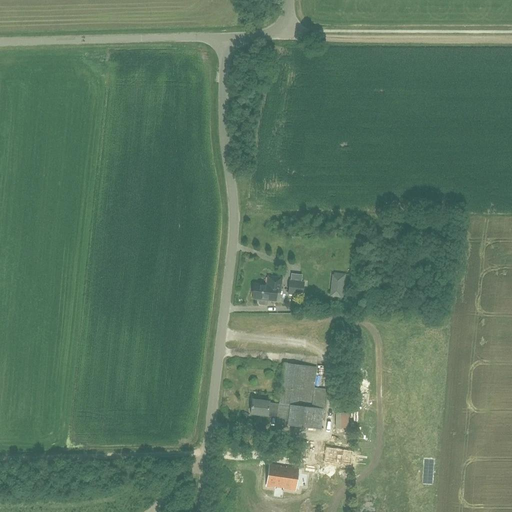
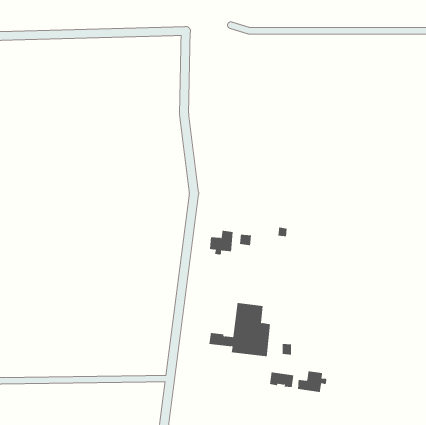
building: none -> [298,370,327,393]
building: [266,464,298,490] -> none

